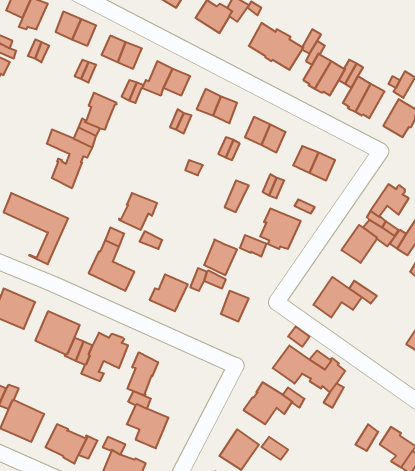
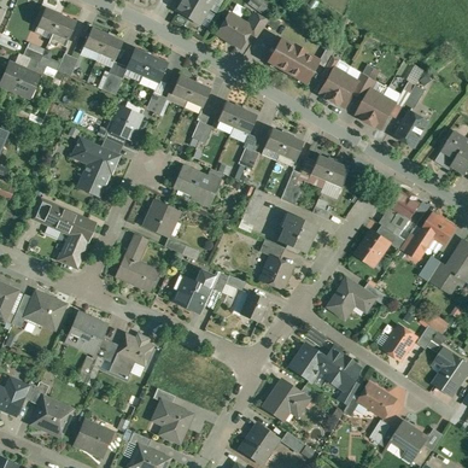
building: none -> [174,164,216,207]
building: [204,239,237,275] -> [259,256,291,289]
building: none -> [384,326,416,361]
building: [127,352,158,396] -> none
building: none -> [357,384,394,419]

